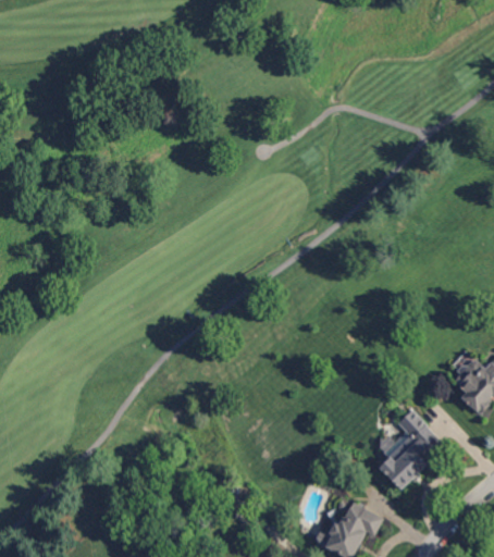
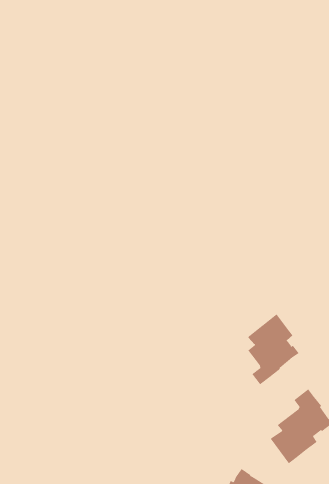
building: none -> [247,314,300,385]

